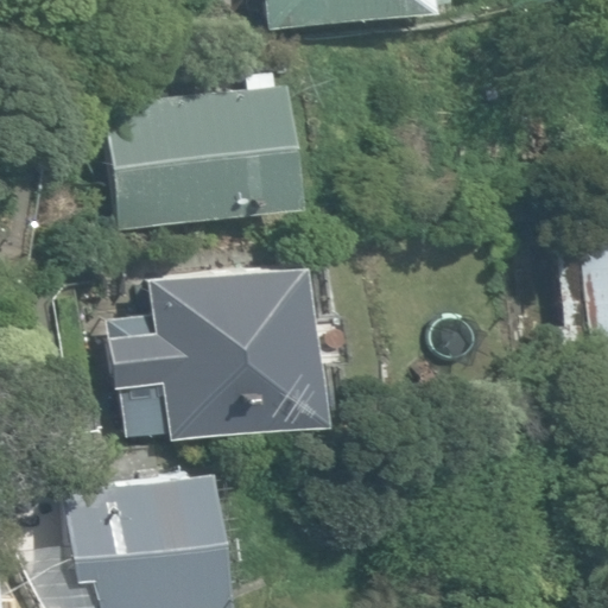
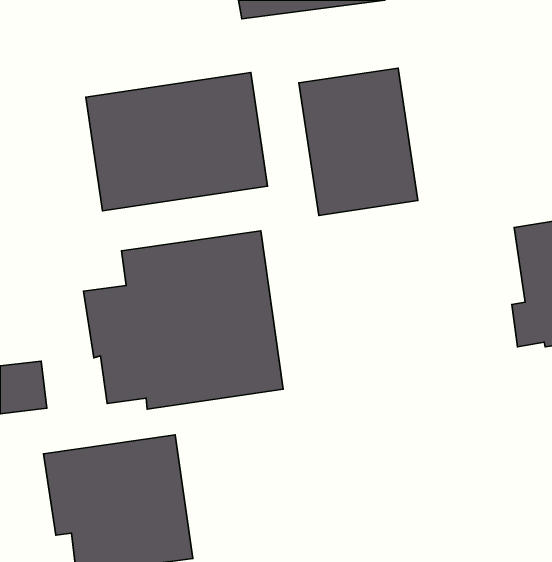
building: none -> [299,68,418,215]

